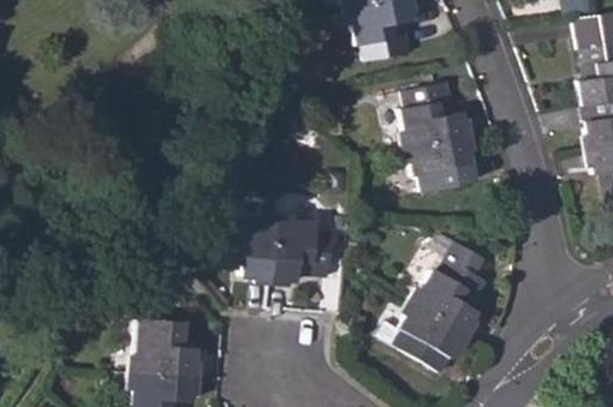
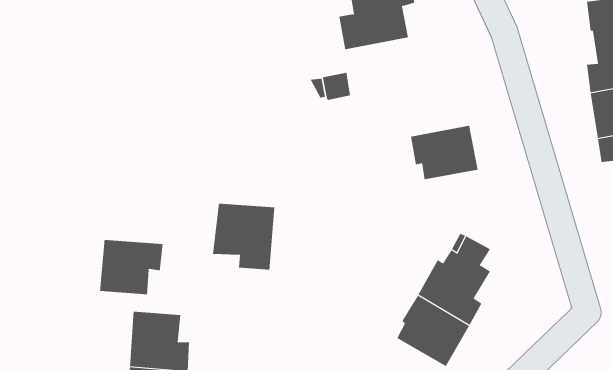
building: [401,83,466,149] -> none
building: [273,217,333,281] -> none
building: none -> [99,239,163,295]

